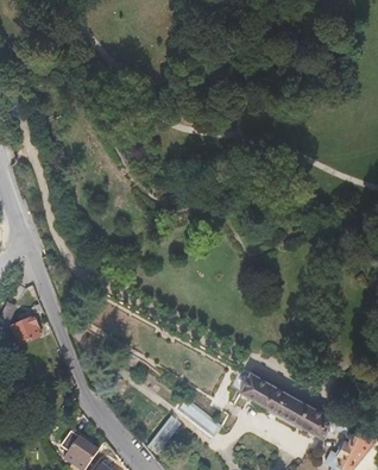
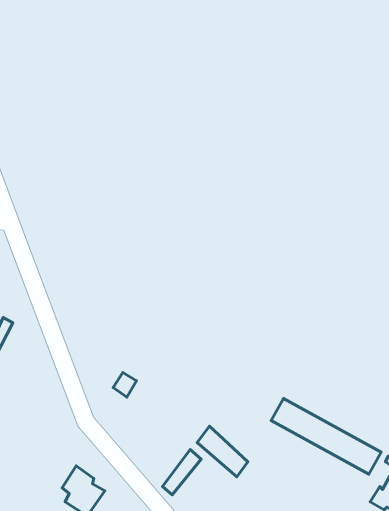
building: [10,313,38,346] -> none

